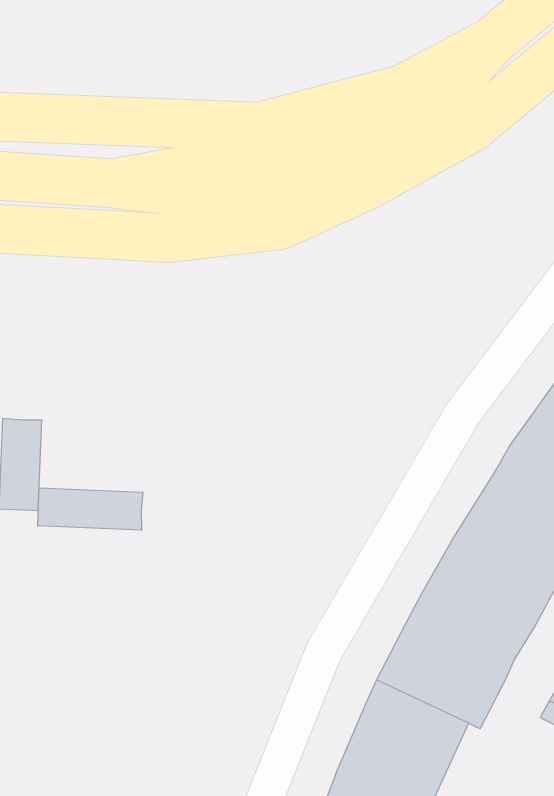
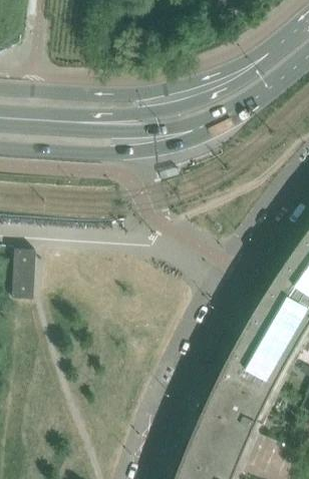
building: [38,488,143,530] -> none

